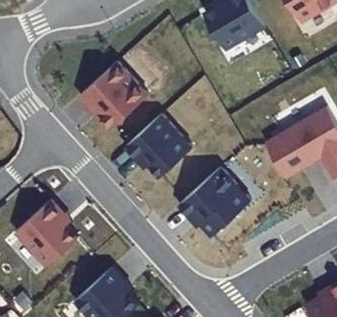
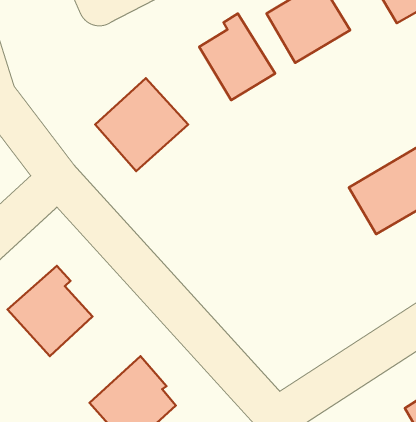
building: none -> [199,14,275,100]
building: [124,116,190,178] -> none
building: [177,167,249,236] -> none

